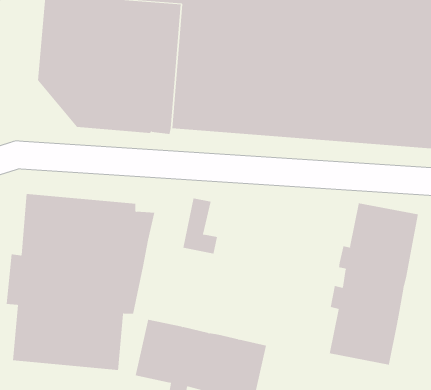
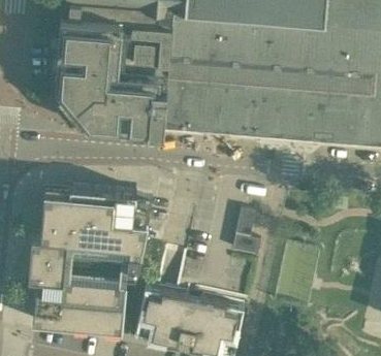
building: [183,198,218,254] -> [232,209,261,256]
building: [329,202,419,365] -> none

